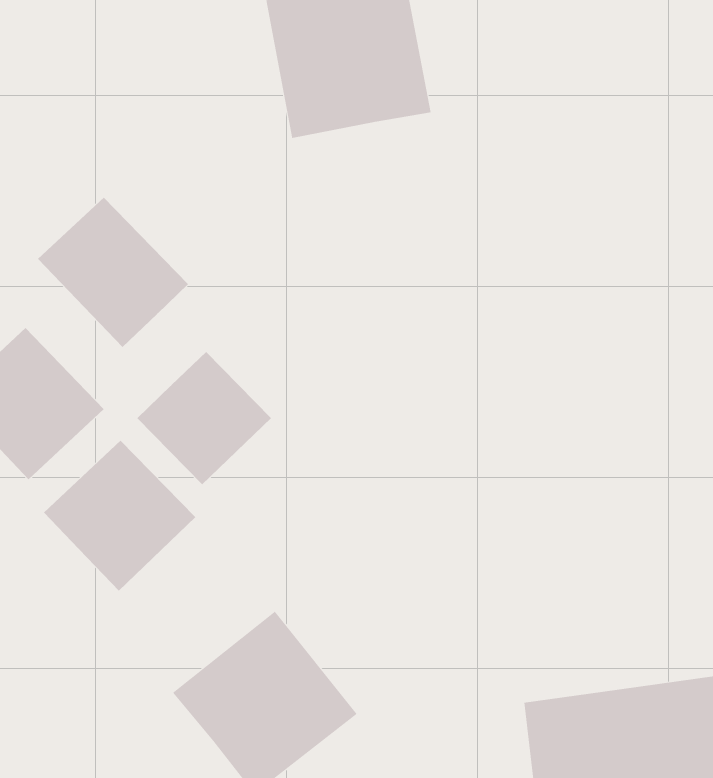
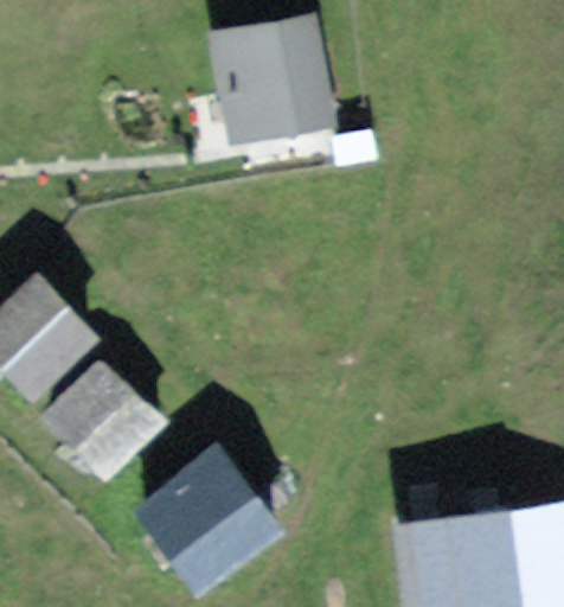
building: [37,197,189,348] -> none
building: [136,351,272,485] -> none

